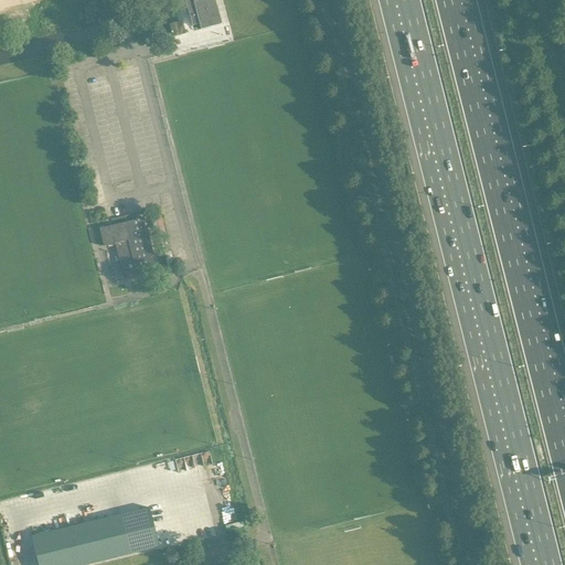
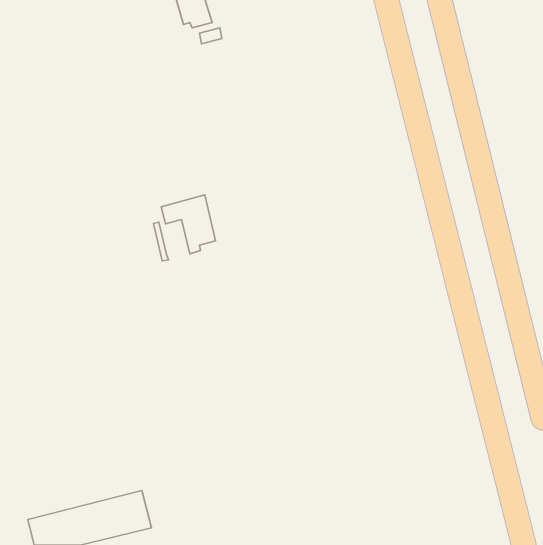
building: [97,216,153,277] -> [161,195,215,254]

